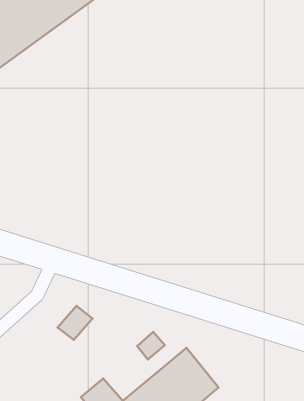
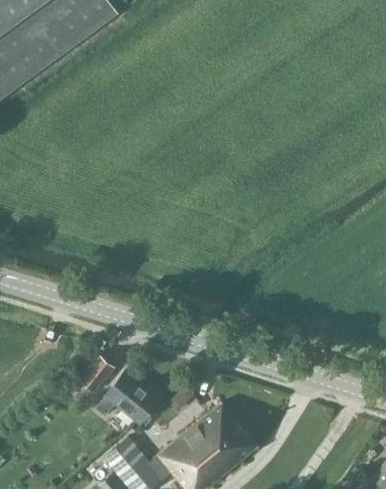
building: none -> [95,371,159,425]

